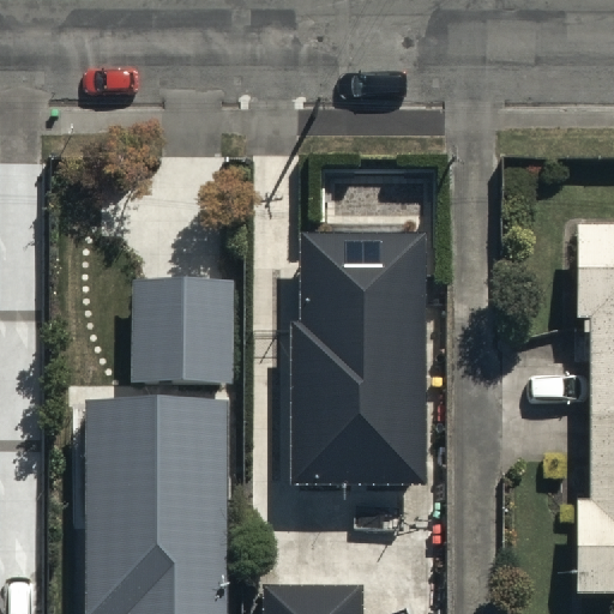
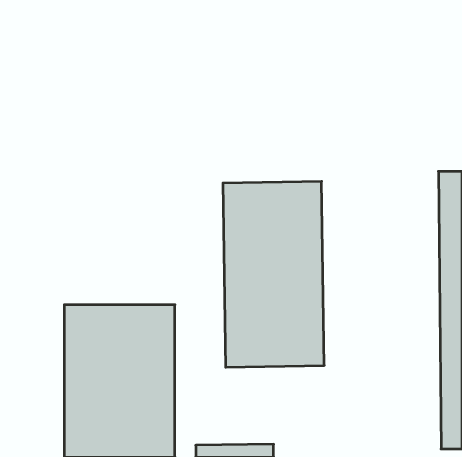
building: [137,279,236,378] -> none

